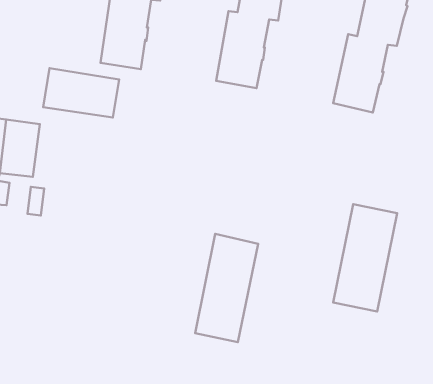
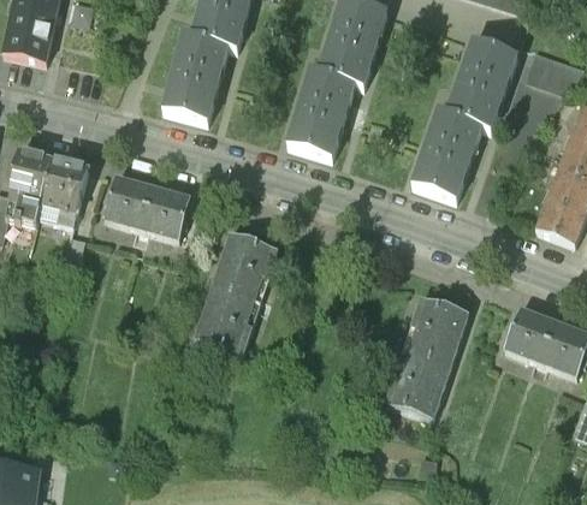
building: [43,68,119,118] -> [105,174,191,237]
building: [195,234,258,342] -> [196,232,277,354]

